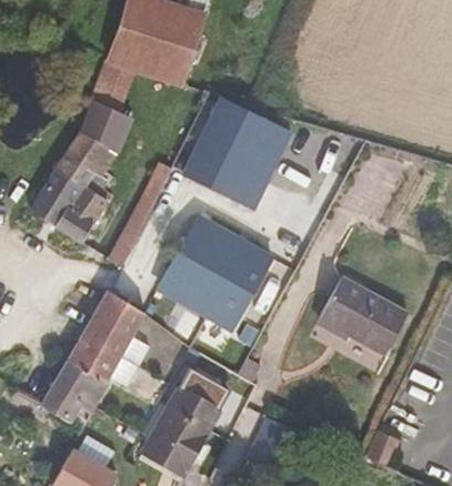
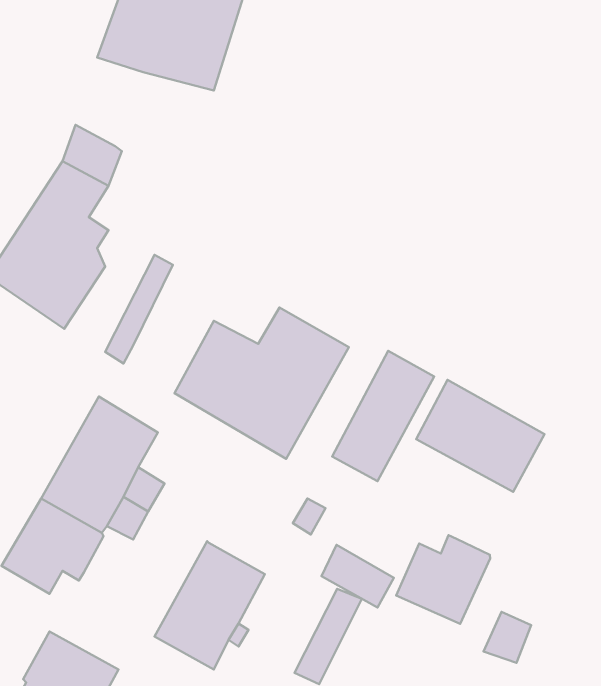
building: [90,61,135,121] -> none
building: [182,94,293,211] -> none
building: [183,214,228,254] -> none
building: none -> [332,351,434,481]
building: [180,367,229,409] -> [322,545,394,607]
building: none -> [396,535,490,624]

